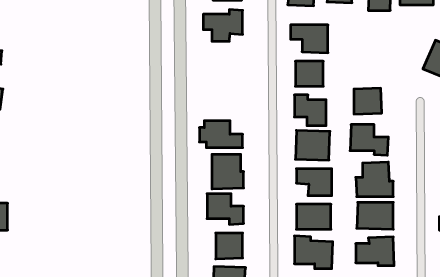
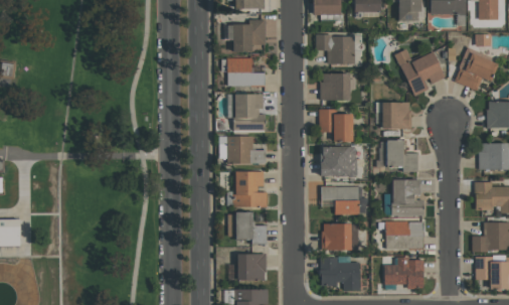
building: none -> [395,49,445,97]
building: none -> [227,57,266,87]
building: none -> [233,94,266,132]

